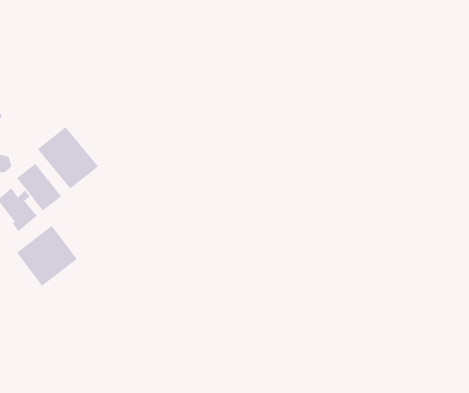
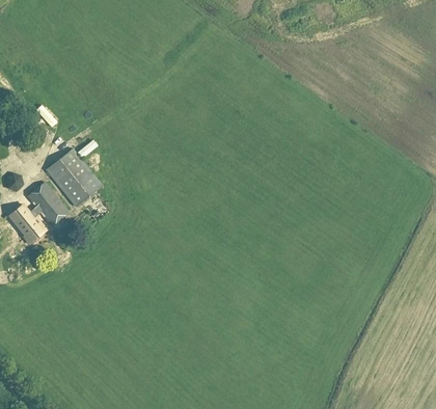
building: [16,225,78,287] -> none

